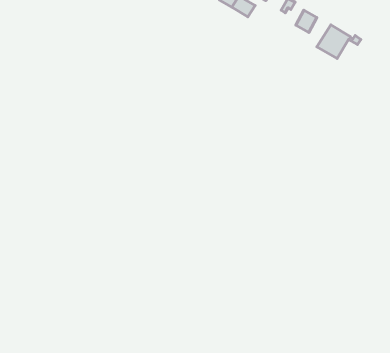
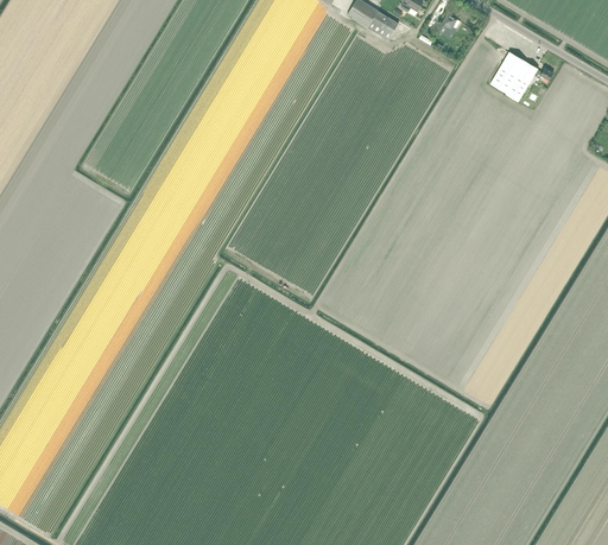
building: [296,10,317,32] -> none

